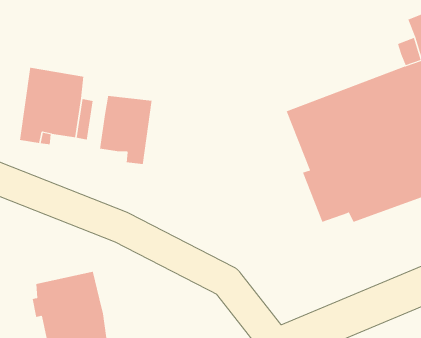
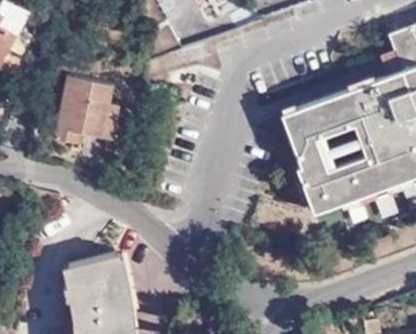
building: [100,95,152,165] -> none

